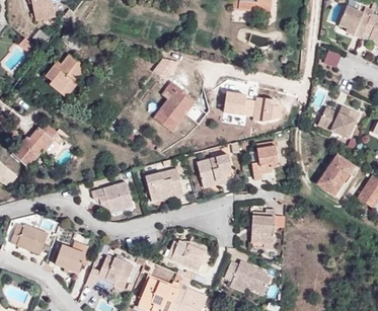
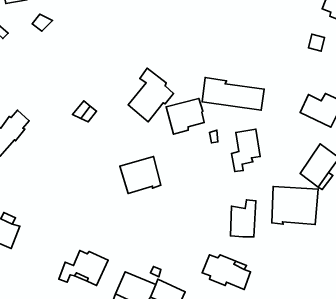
building: [45,53,86,98] -> none
building: [196,153,232,187] -> [166,98,204,134]
building: [90,180,133,210] -> none
building: none -> [272,187,318,224]
building: [166,240,209,270] -> none
building: [54,244,85,271] -> none

